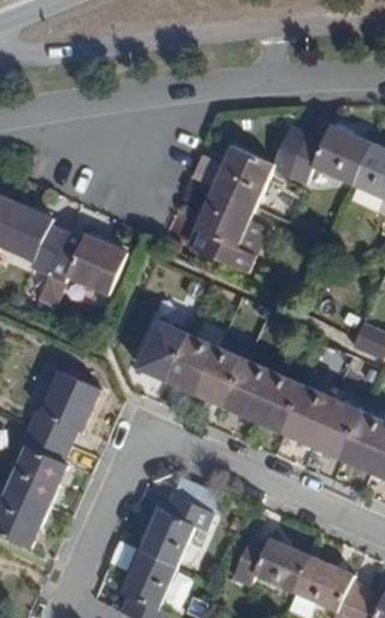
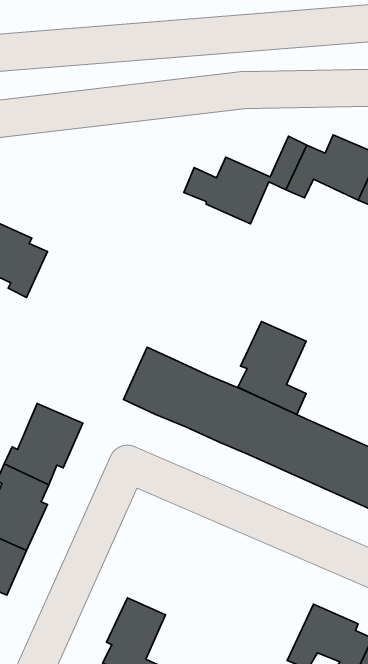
building: [191,188,253,274] -> [238,321,306,415]
building: [47,232,127,295] -> none
building: [140,494,214,566] -> none
building: [229,535,311,593] -> none

